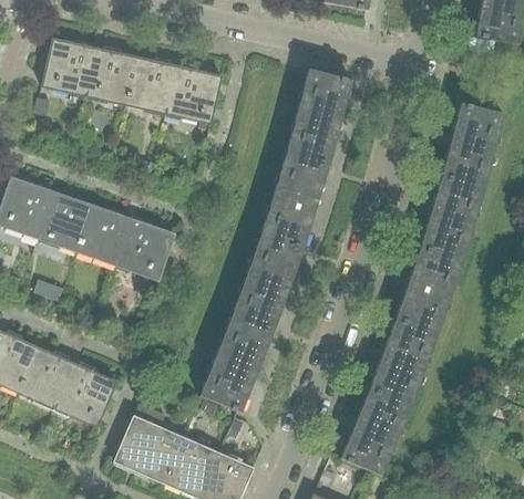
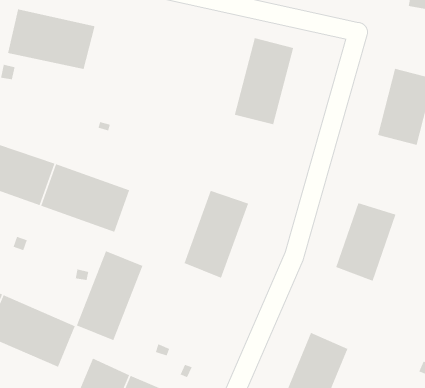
building: [125,58,222,124] -> none
building: [261,154,330,249] -> none
building: [421,176,485,261] -> none
building: [201,314,274,413] -> [76,250,143,341]
building: [370,319,438,406] -> none

